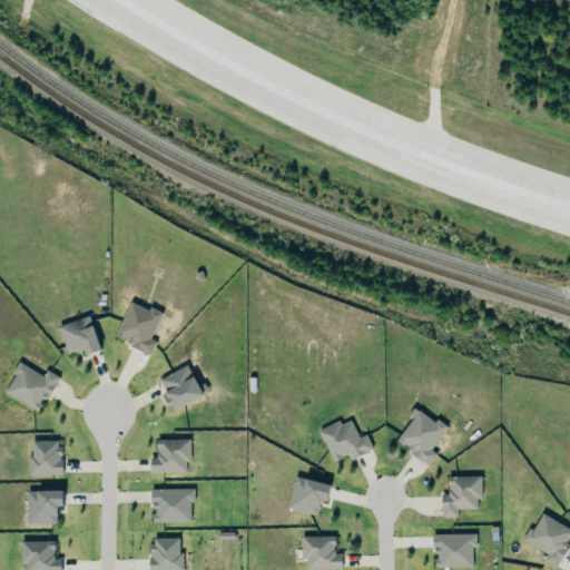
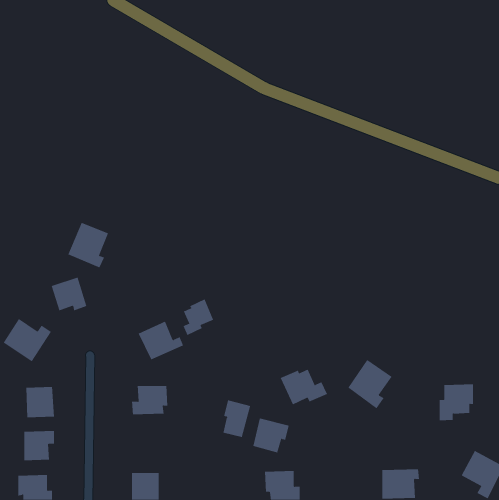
building: [116,301,163,353] -> [68,222,109,268]
building: none -> [183,299,214,336]
building: none -> [223,399,251,438]
building: [443,475,483,518] -> [439,384,474,421]
building: [153,488,196,522] -> none

